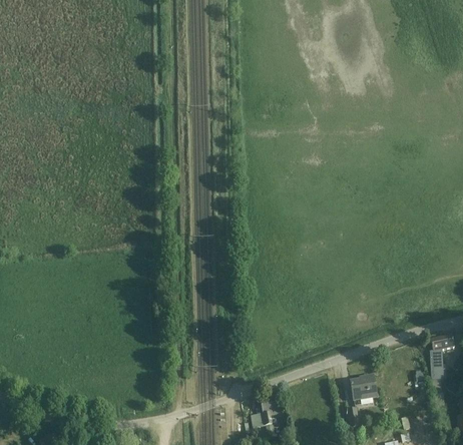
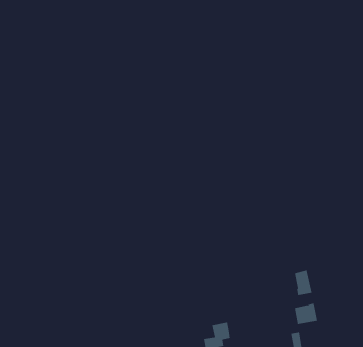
building: none -> [294,270,312,296]

